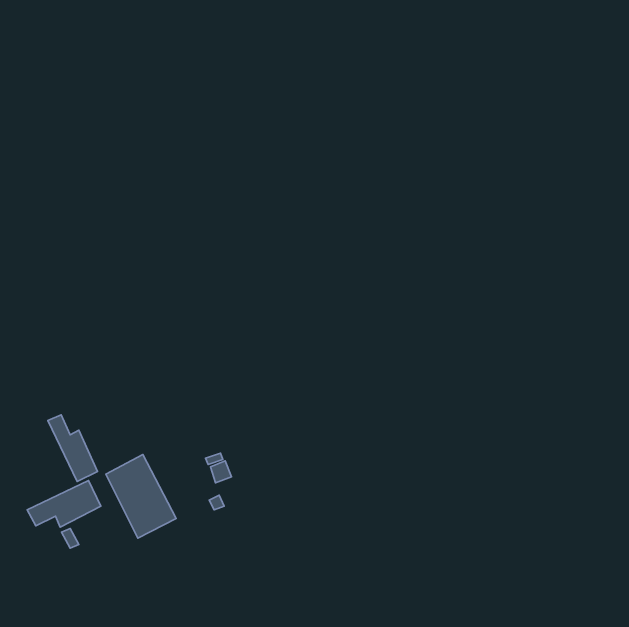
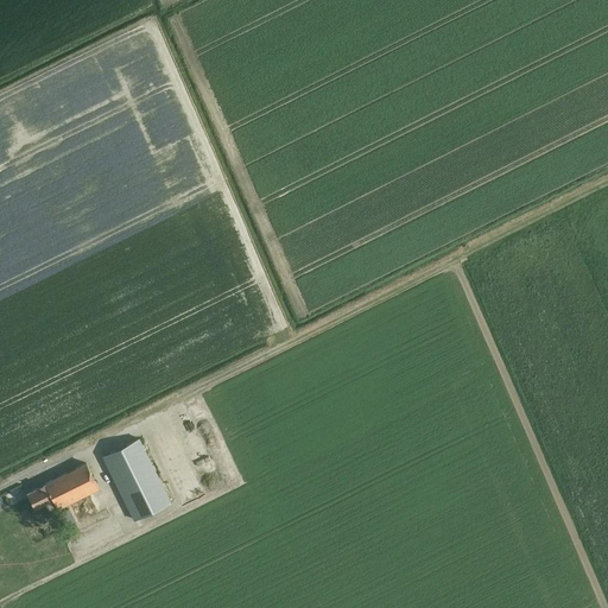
building: [48,415,98,482] -> none

